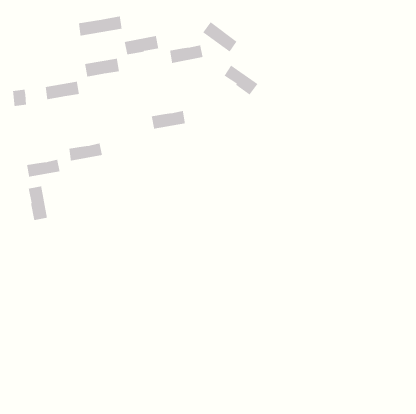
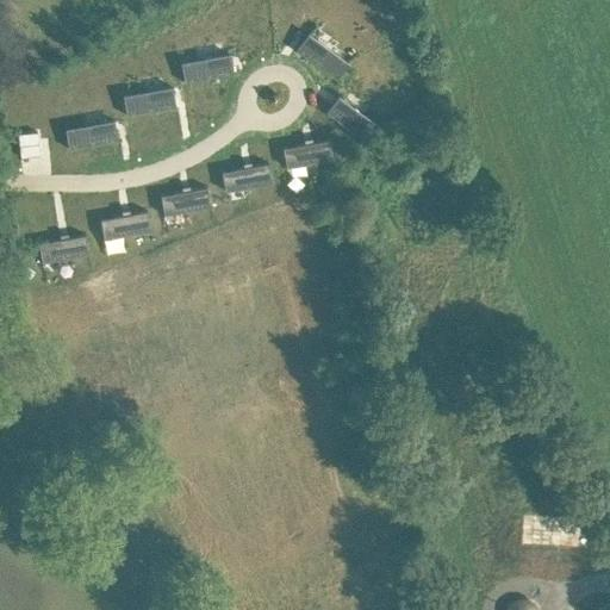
building: [77,16,123,36] -> none
building: [169,44,203,64] -> [284,141,334,169]
building: none -> [161,188,211,216]
building: [28,185,48,222] -> none

